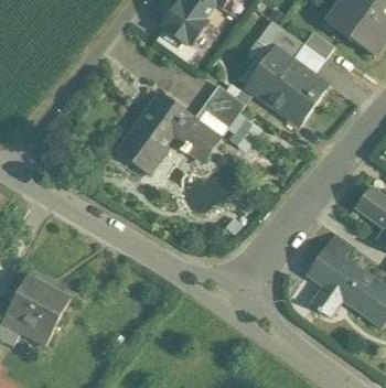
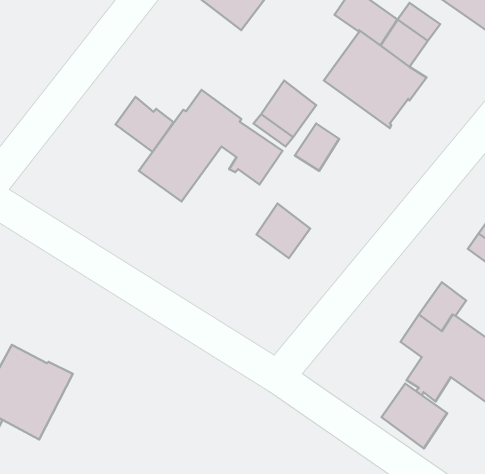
building: none -> [116,97,174,152]
building: none -> [256,204,310,258]
building: none -> [381,384,447,448]

